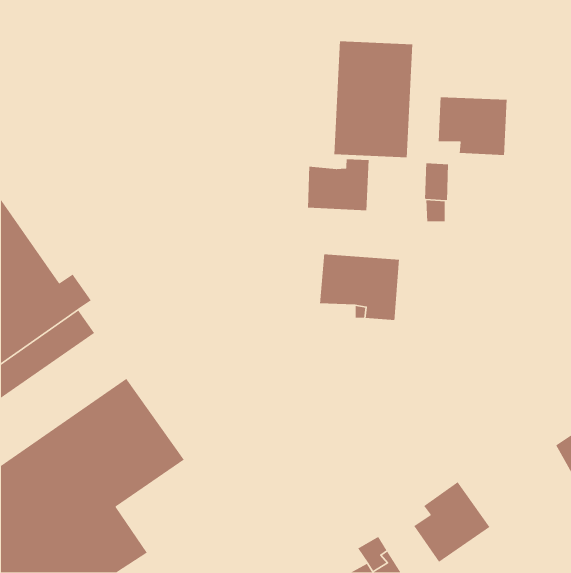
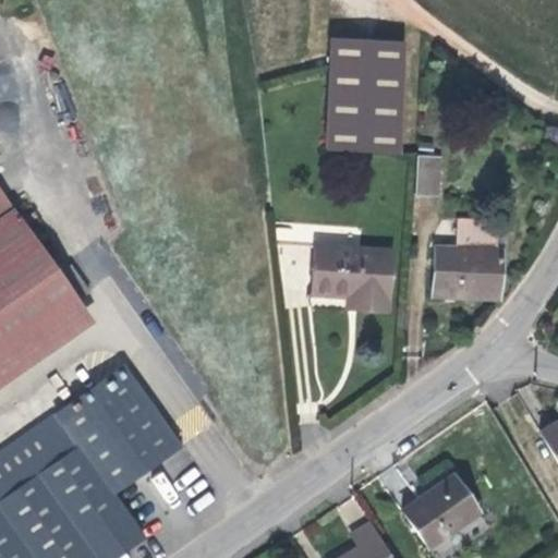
building: [438,96,507,156] -> none
building: [307,158,370,211] -> none
building: none -> [432,219,502,300]

